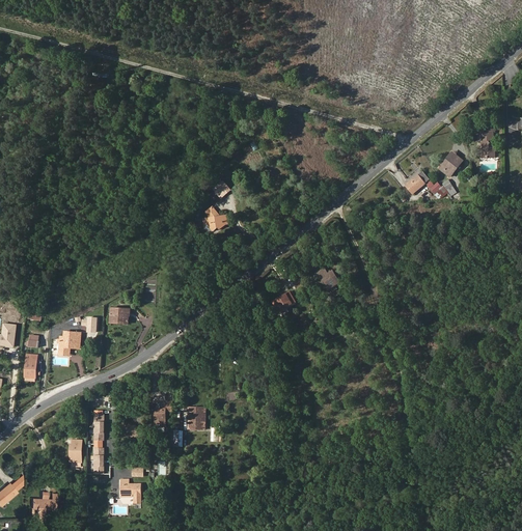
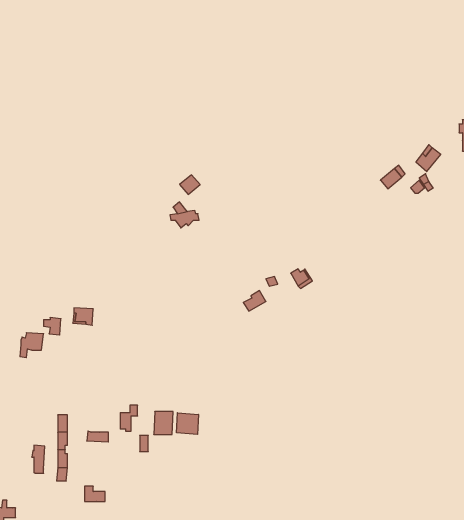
building: none -> [177,413,198,434]

